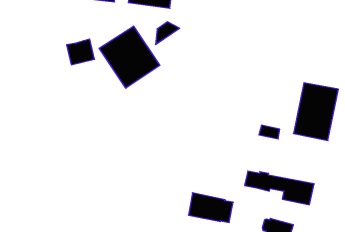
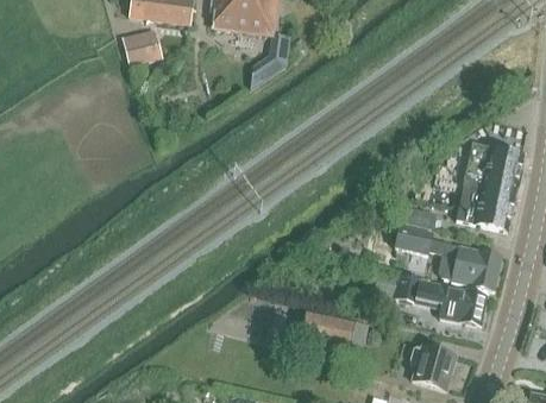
building: [99,26,160,88] -> none
building: [67,39,95,65] -> [121,27,163,65]
building: none -> [395,226,502,290]

